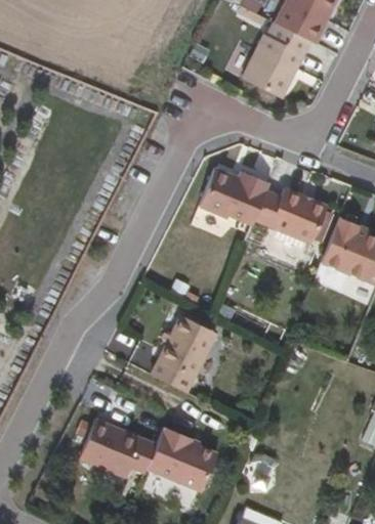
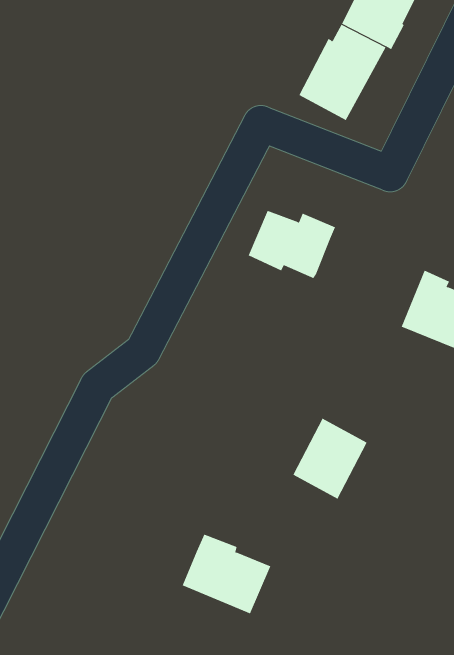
building: [255,190,326,246] -> none
building: [158,314,217,379] -> [292,418,368,500]
building: [84,414,160,473] -> none

